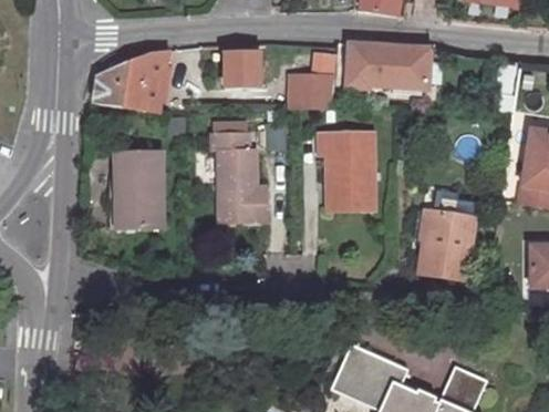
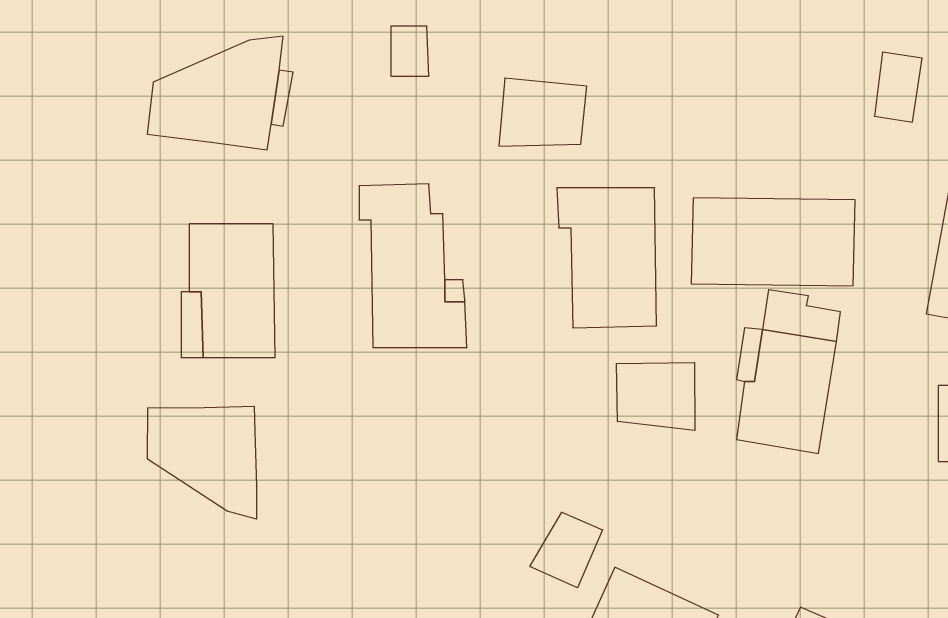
building: [351,41,442,90] -> [691,198,855,286]
building: none -> [616,362,695,430]
building: none -> [148,406,256,519]
building: none -> [530,512,603,588]

